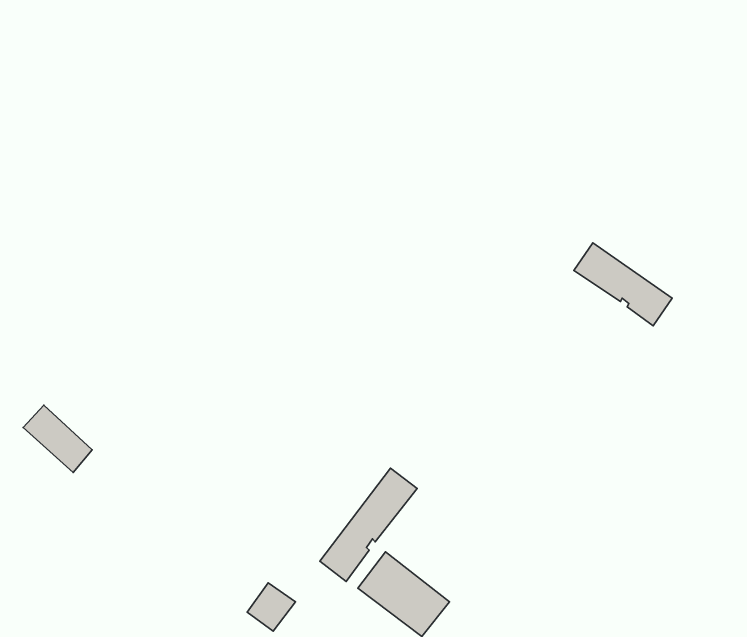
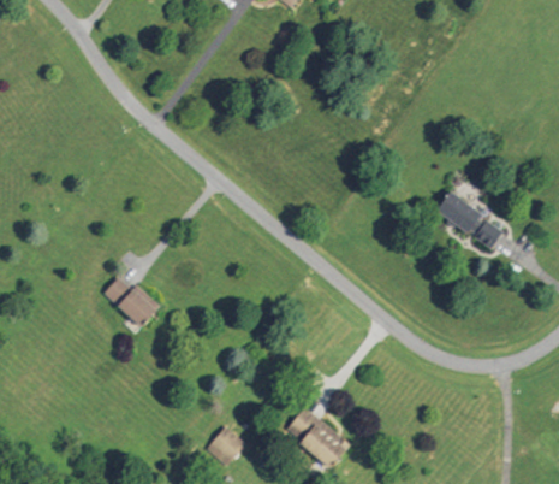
building: [23,405,92,472] -> [103,277,151,324]
building: [320,468,417,582] -> none

